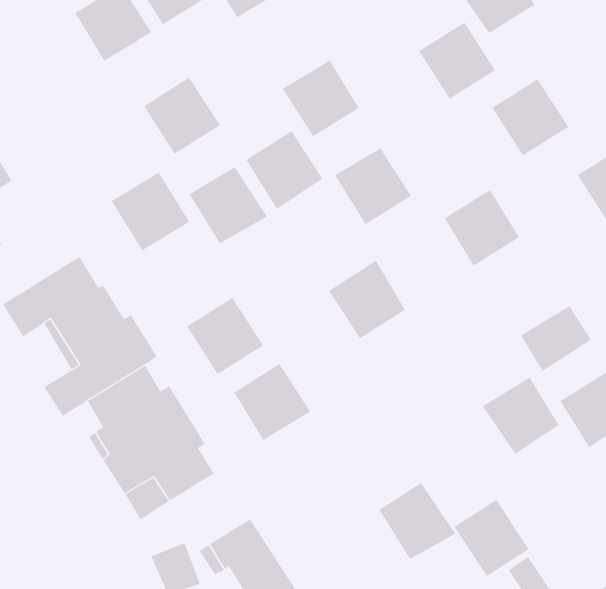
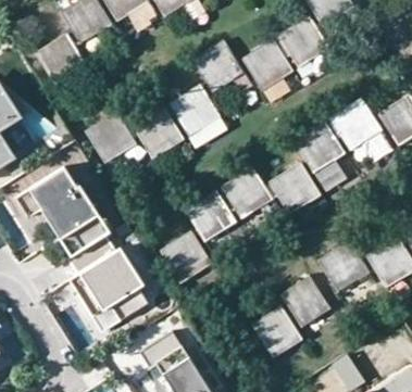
building: [143,77,221,155] -> [37,36,86,85]
building: [491,78,569,156] -> [330,101,379,150]
building: [334,148,412,225] -> [242,41,291,90]
building: none -> [271,165,320,214]
building: [186,297,264,375] -> [186,192,235,241]
building: [520,305,591,372] -> none
building: [454,499,530,577] -> [282,278,329,327]

